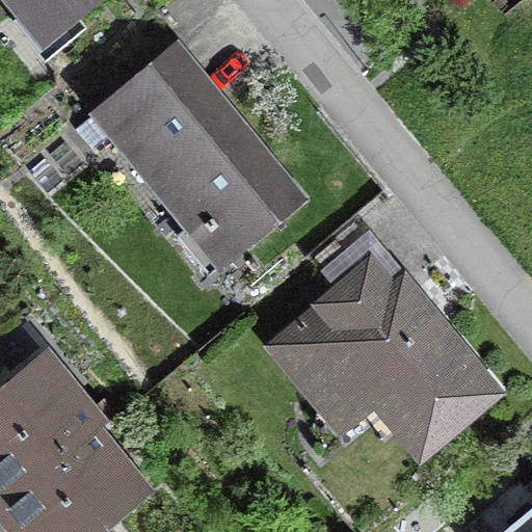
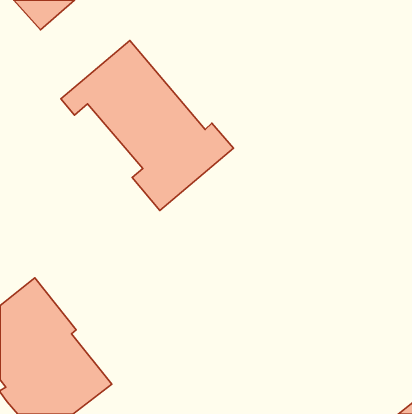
building: [278,256,494,447] -> none

